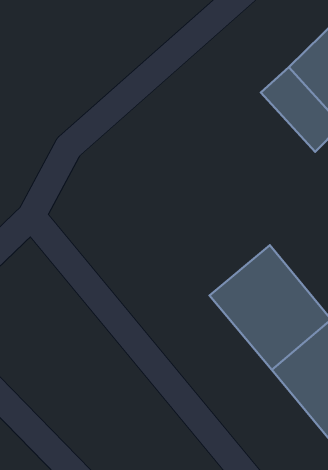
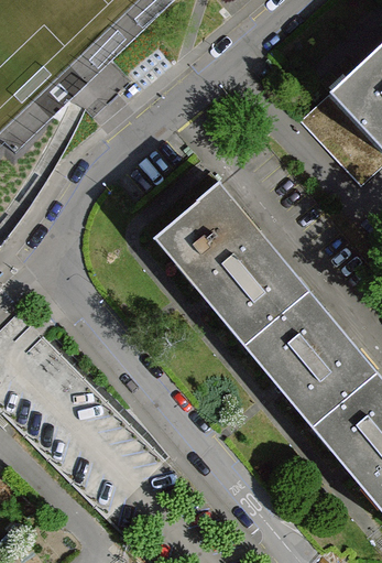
building: none -> [154,182,310,345]

